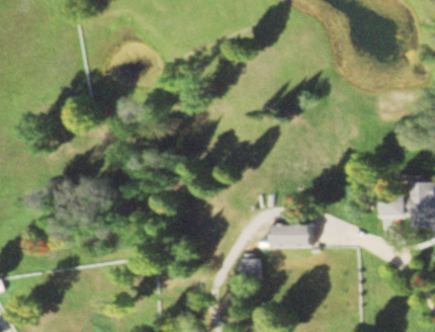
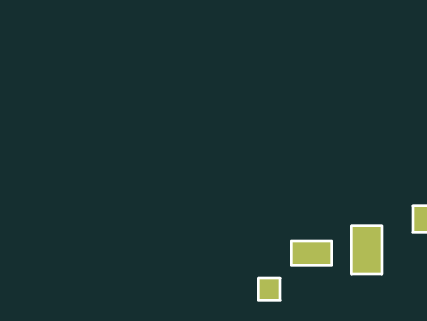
building: none -> [352,226,382,274]

